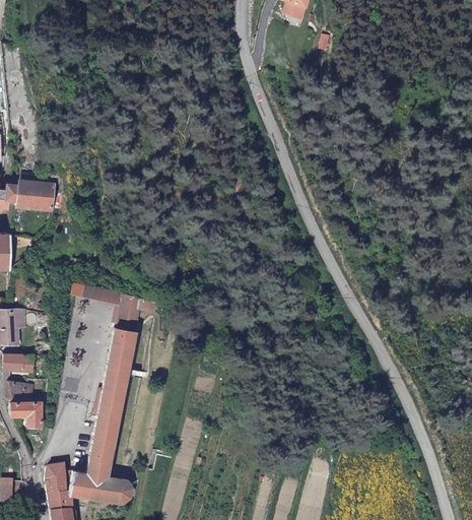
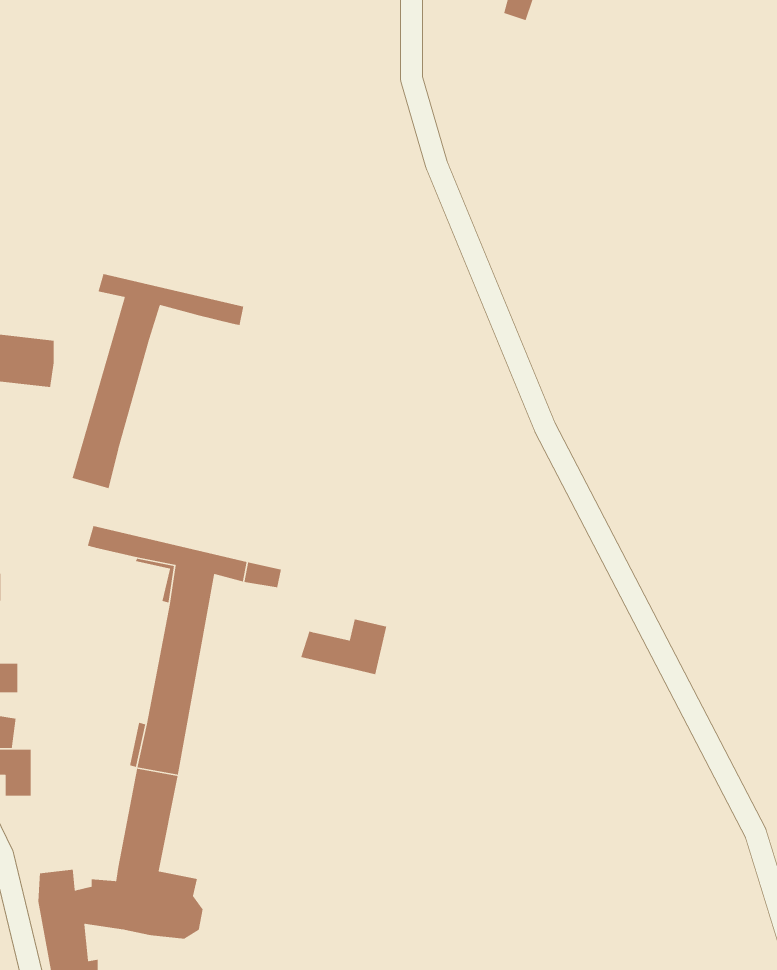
building: none -> [72,273,244,489]
building: none -> [300,619,387,675]

